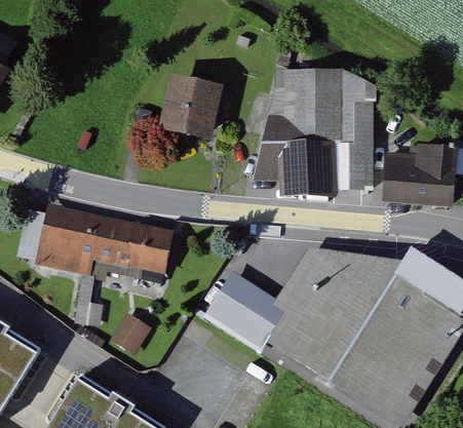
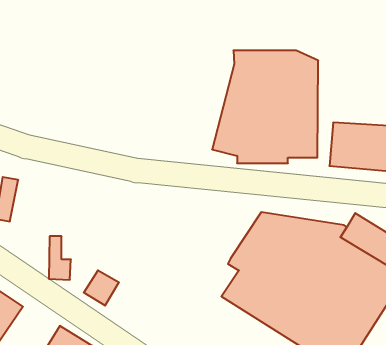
building: [161,72,225,135] -> none
building: [36,204,172,284] -> none
building: [200,272,282,353] -> none

